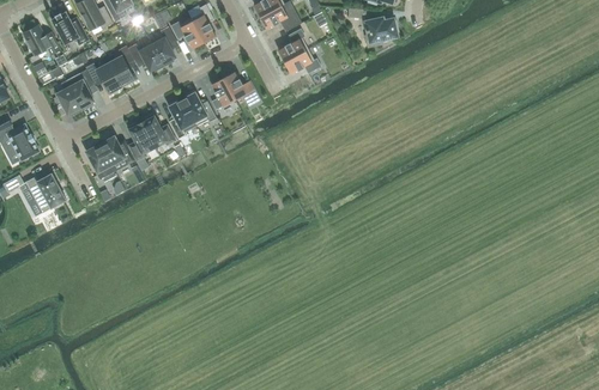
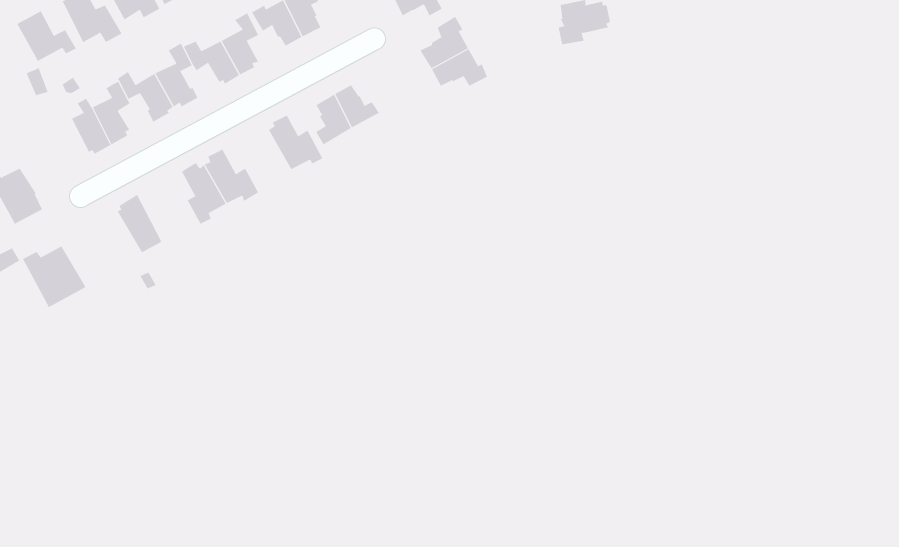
building: [168,99,195,139] -> none
building: [98,135,134,171] -> none

